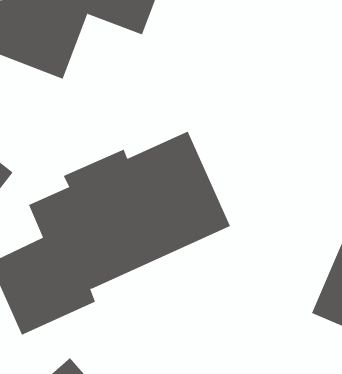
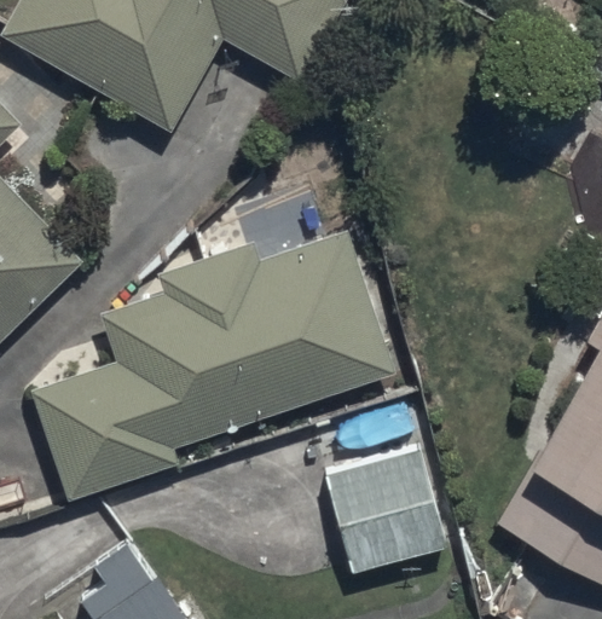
building: none -> [330,449,444,568]

